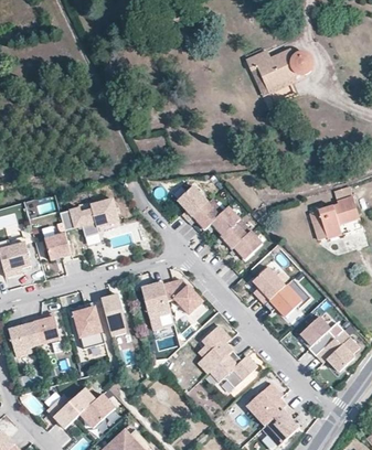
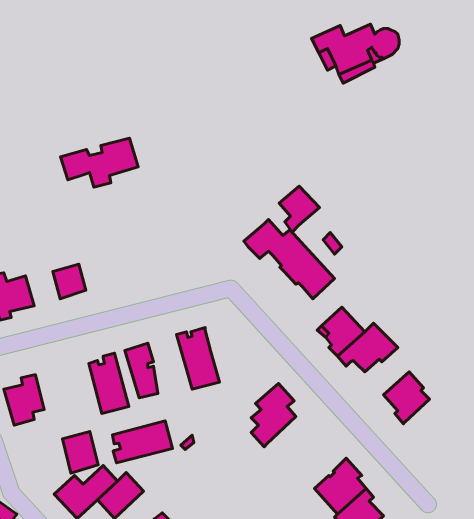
building: [177,185,208,221] -> [279,186,319,232]
building: [309,185,359,238] -> none
building: [60,197,119,235] -> [61,138,138,187]
building: [162,279,204,317] -> none
building: [32,312,60,344] -> [62,432,98,473]
building: [316,329,359,371] -> none
building: [210,350,255,385] -> none
building: none -> [113,421,172,463]

